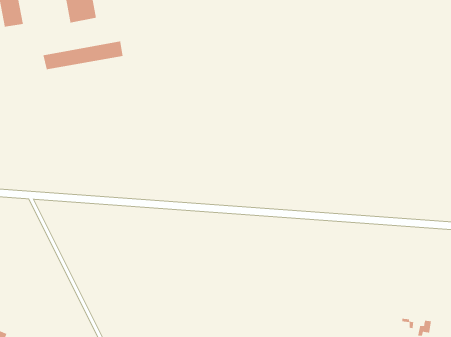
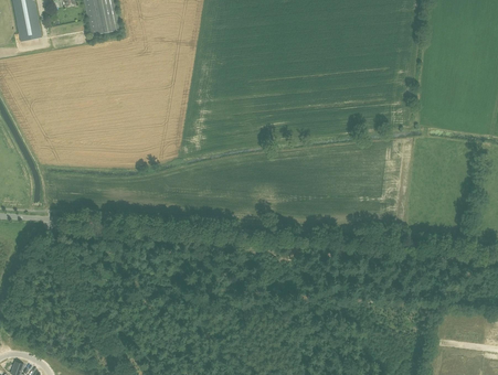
building: [42,41,123,70] -> none

